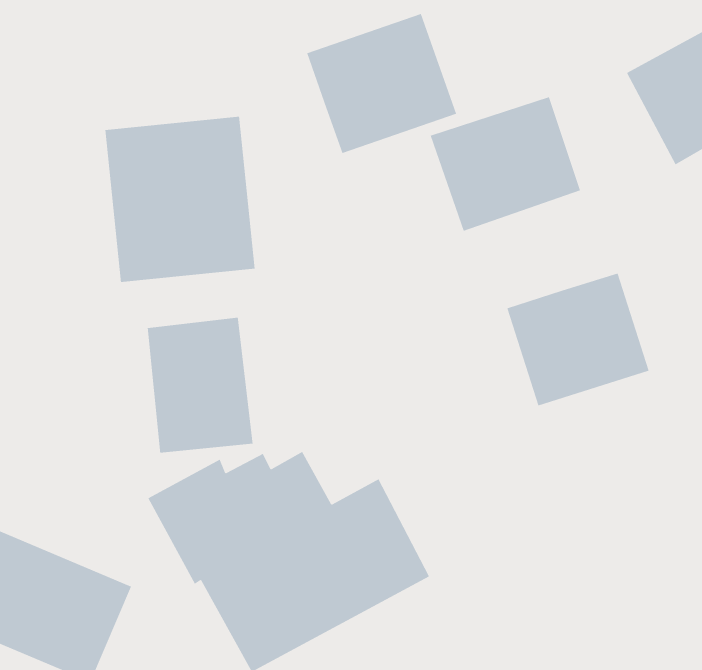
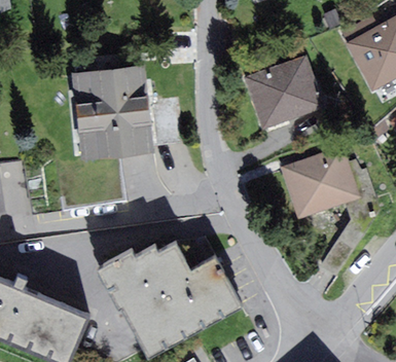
building: [307,13,457,154] -> none
building: [147,317,253,454] -> none

